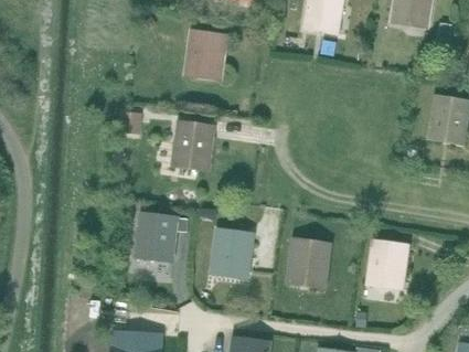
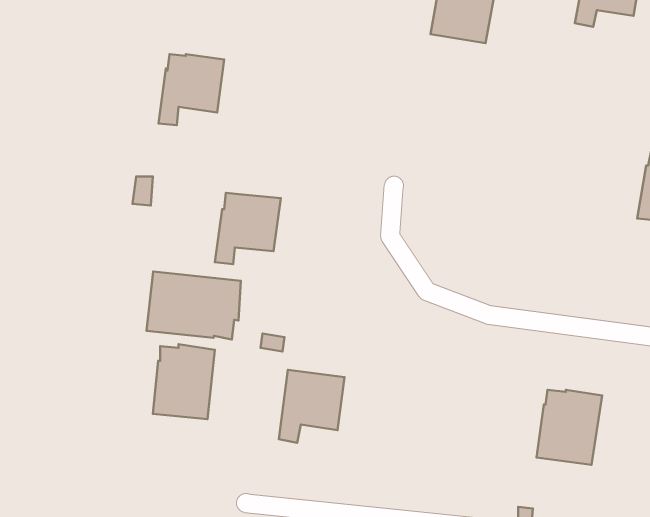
building: [186,33,226,76] -> [159,54,224,125]
building: none -> [147,272,241,340]
building: [289,241,329,284] -> none

